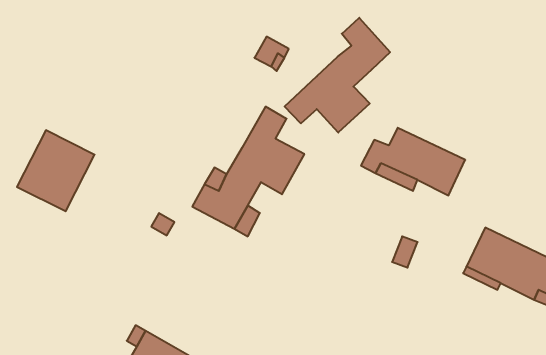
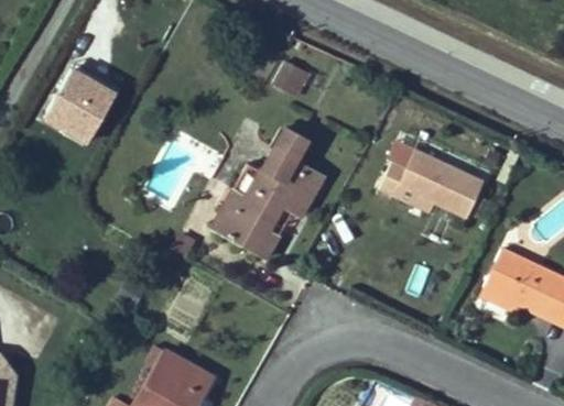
building: [285,18,390,133] -> none
building: [17,130,95,211] -> [41,67,118,147]

